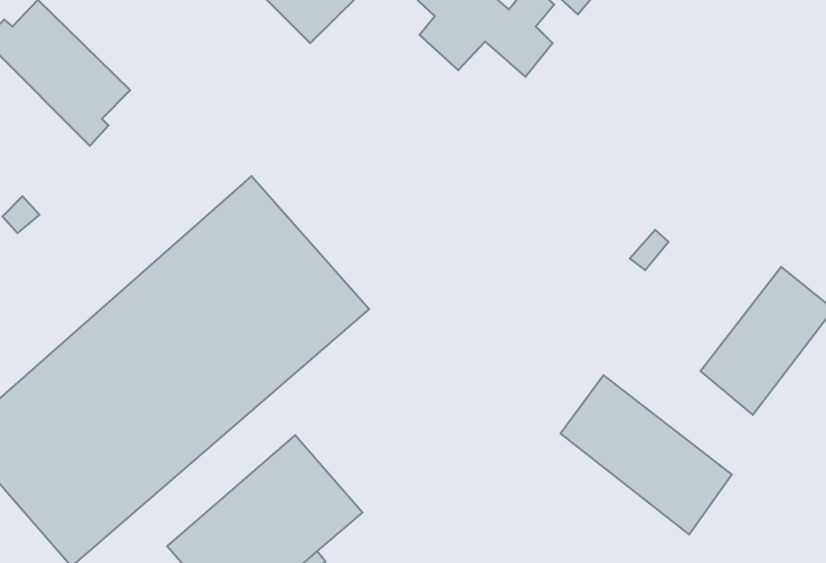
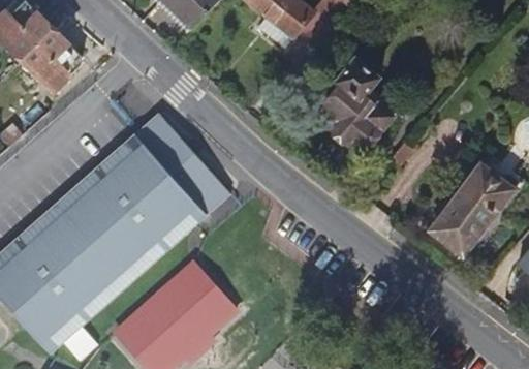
building: none -> [325,55,398,150]
building: [561,375,732,535] -> none

